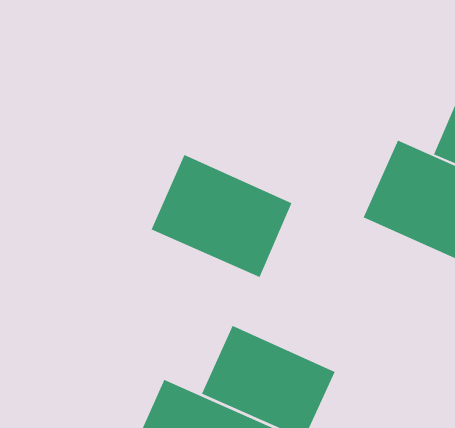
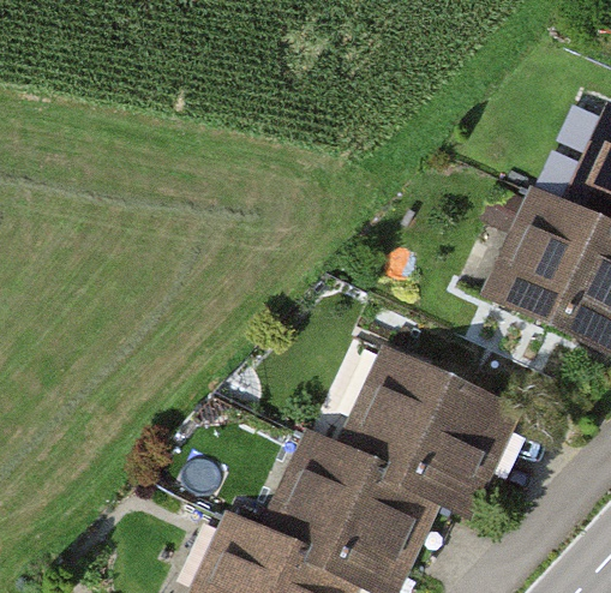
building: [151,154,292,278] -> none
building: none -> [343,353,519,503]

